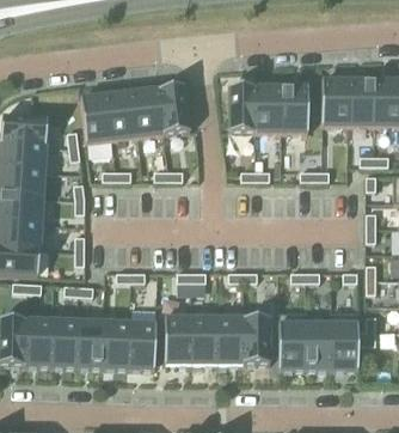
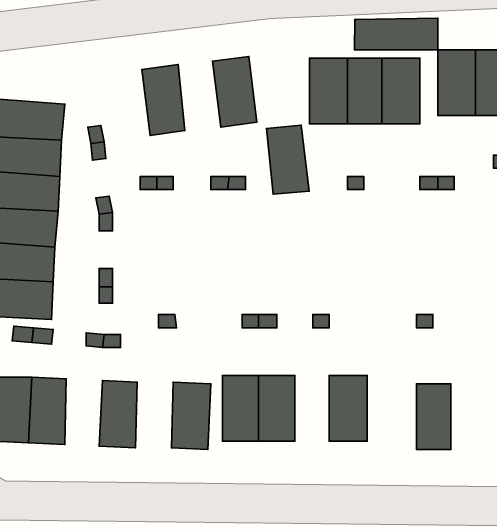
building: none -> [355,18,438,50]
building: [133,87,164,138] -> [267,125,309,194]
building: [80,93,112,144] -> none
building: [217,316,243,364] -> none
building: [50,318,78,367] -> none
building: [102,321,129,368] -> none
building: [278,322,306,370] -> none
building: [331,322,358,370] -> none

